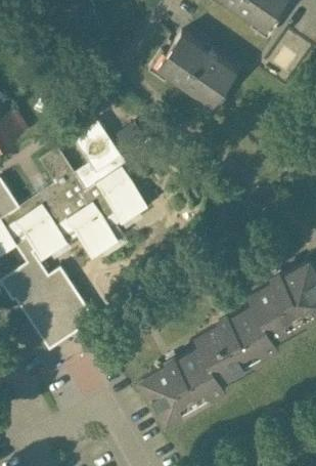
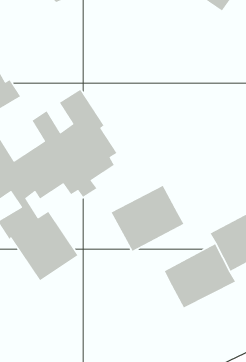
building: [155,33,235,107] -> none
building: [139,351,227,431] -> [111,185,185,252]

